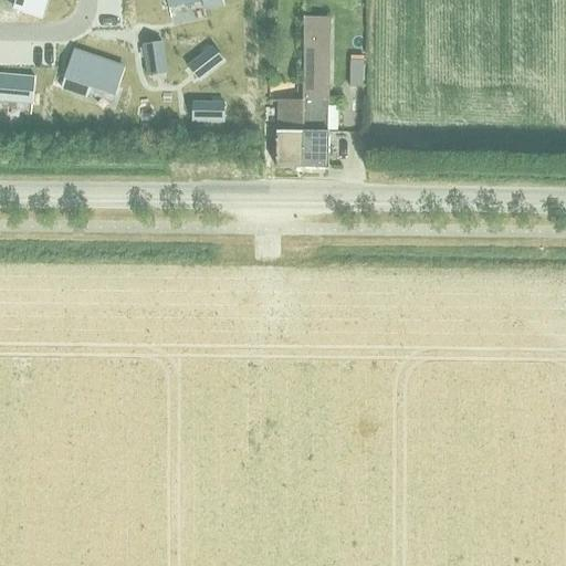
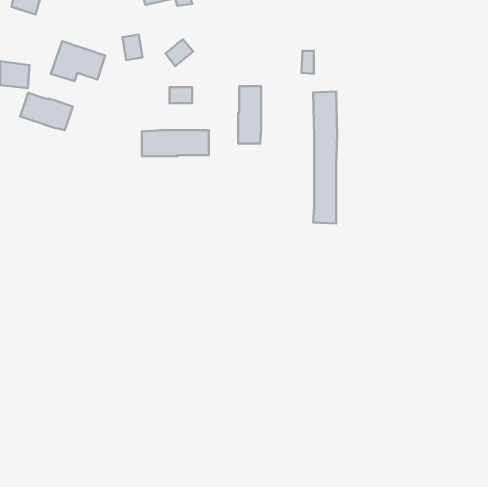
building: [302,14,329,167] -> [313,91,337,223]
building: none -> [20,93,73,130]
building: none -> [142,130,209,156]

